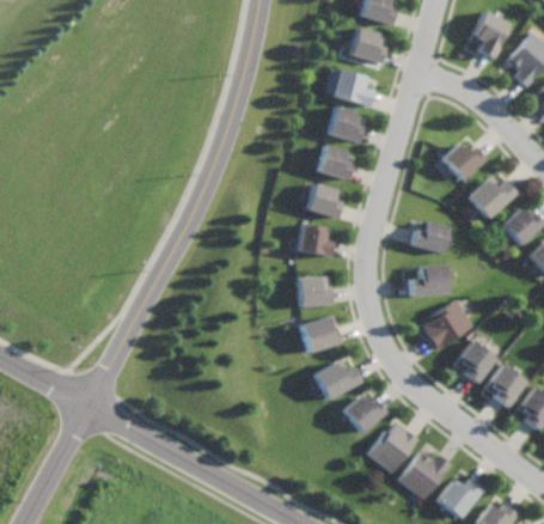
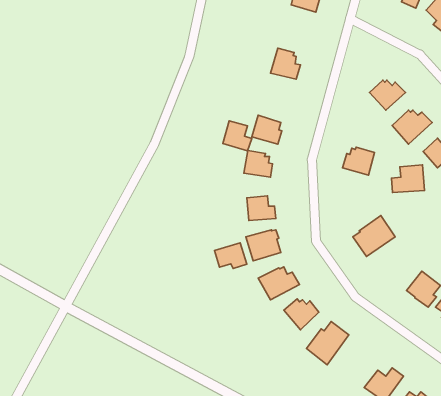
building: [326,69,371,106] -> none
building: [317,145,350,179] -> [223,121,252,151]
building: [409,263,447,295] -> [392,165,425,193]
building: none -> [215,243,247,268]
building: [456,341,495,383] -> none
building: [401,452,452,499] -> none

